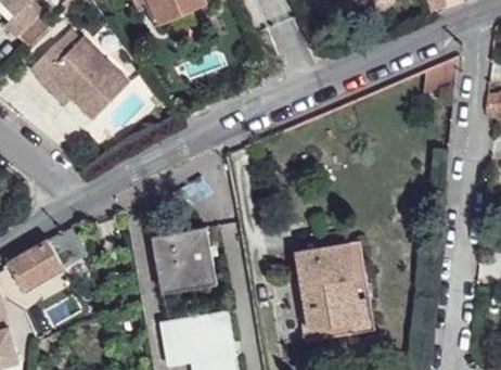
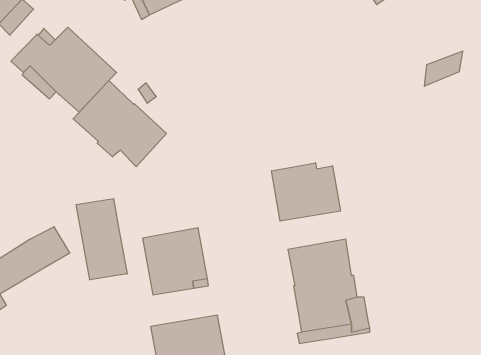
building: none -> [73,81,166,167]
building: none -> [272,163,340,221]
building: none -> [76,199,127,280]

